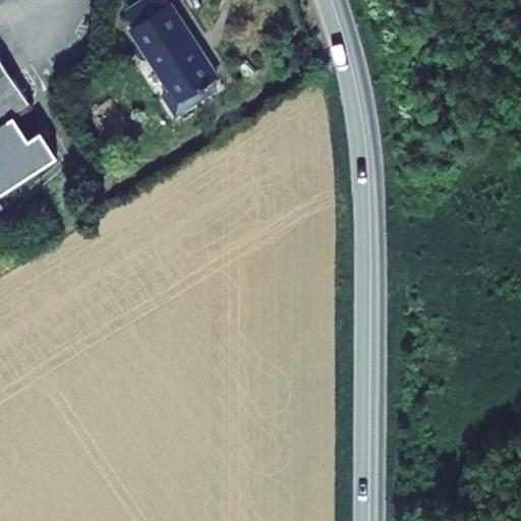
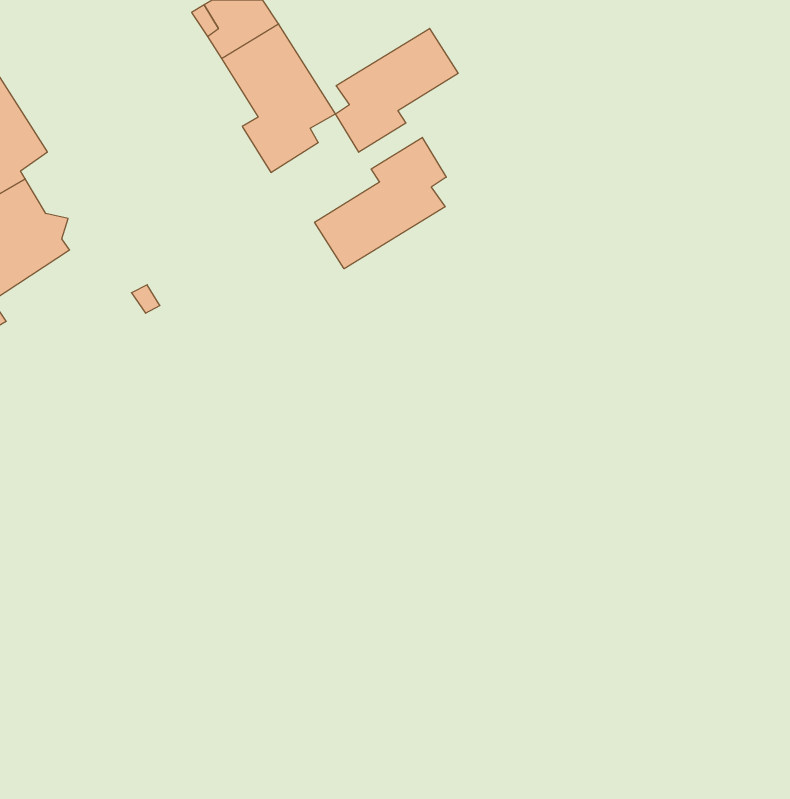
building: none -> [336,28,458,152]
building: none -> [315,137,446,269]

